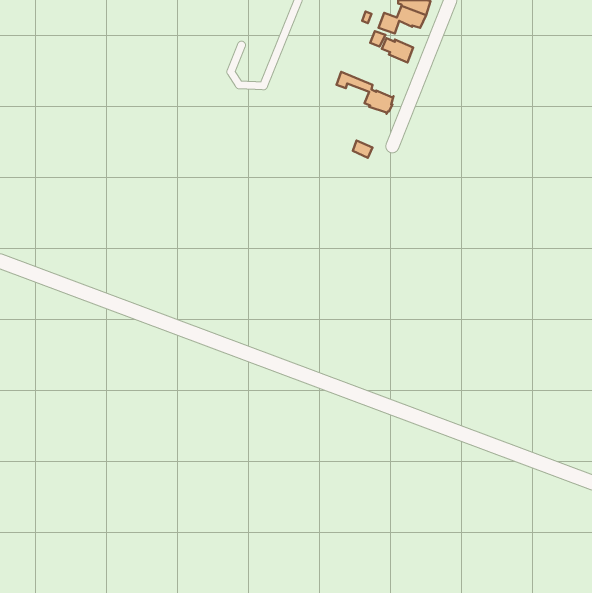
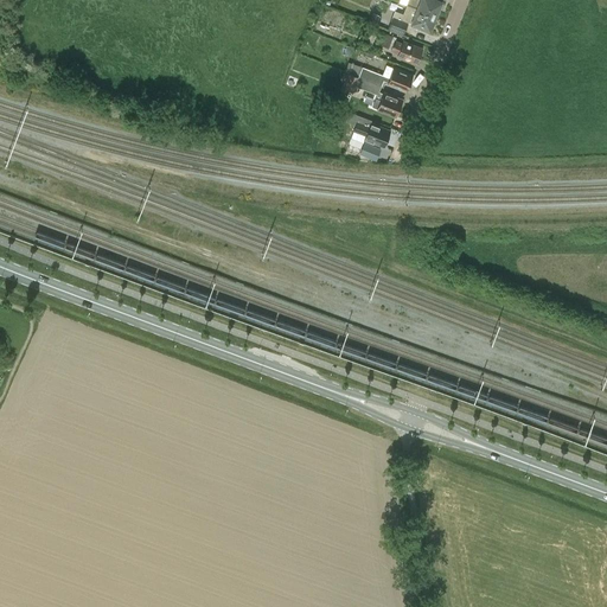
building: none -> [350,64,414,90]
building: none -> [353,120,391,146]

